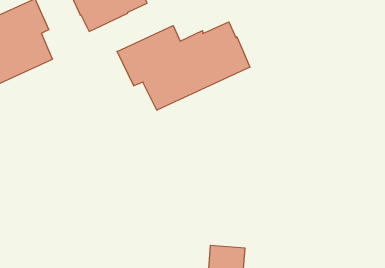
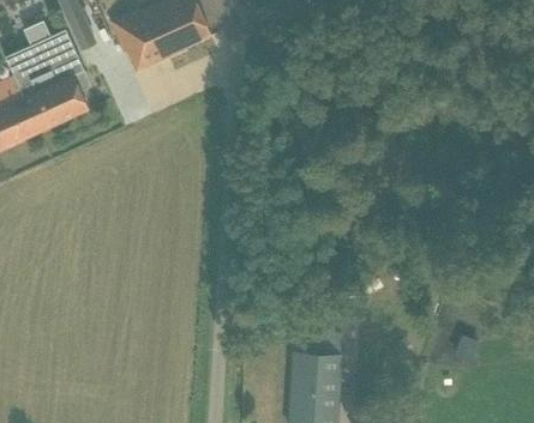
building: [117,22,250,110] -> none

